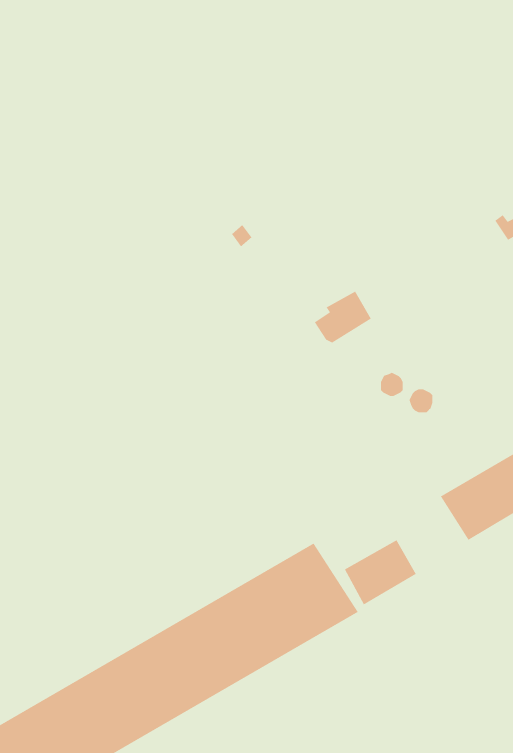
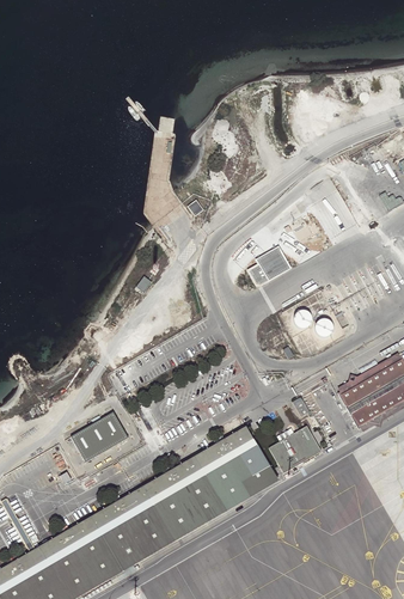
building: none -> [72,415,128,464]

